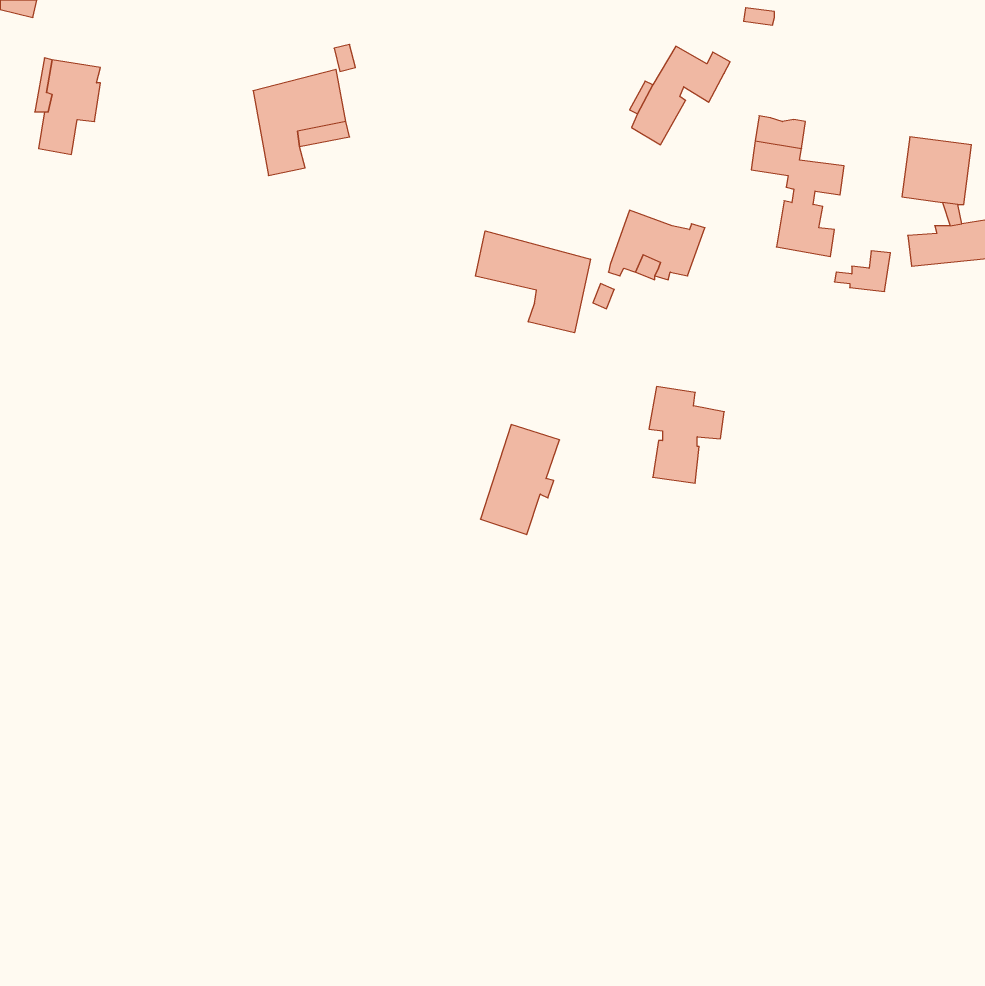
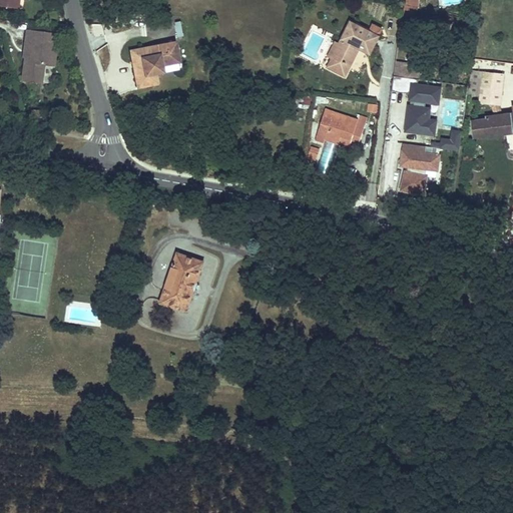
building: [475,231,590,333] -> none
building: [649,387,724,483] -> [398,141,437,191]
building: [480,425,560,535] -> [163,253,204,311]

